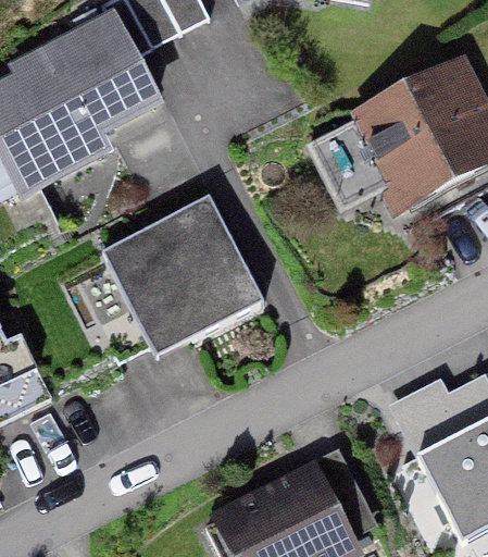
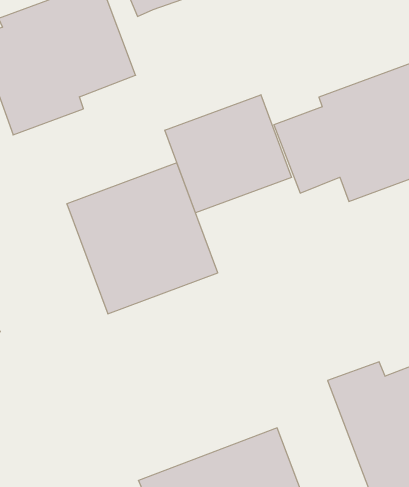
building: none -> [165,95,291,213]

